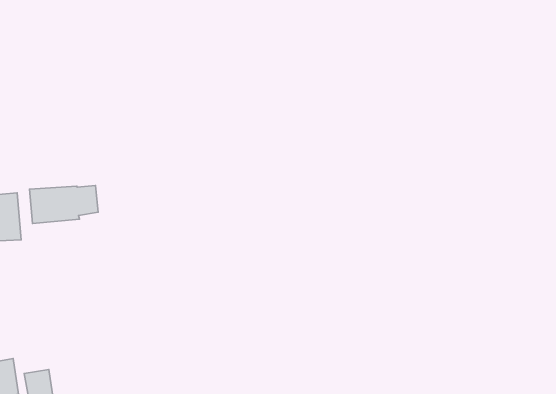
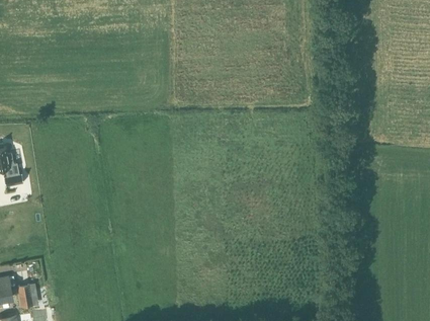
building: [29,186,98,224] -> none

